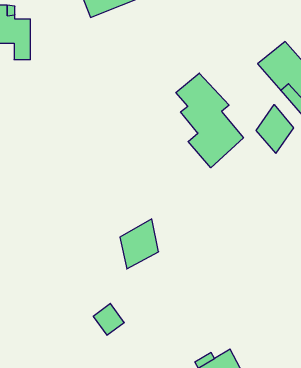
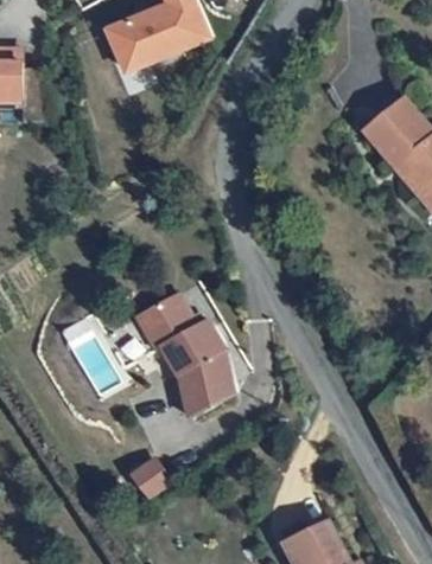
building: [176,73,243,168] -> none
building: [256,105,293,153] -> none
building: none -> [131,284,214,366]

